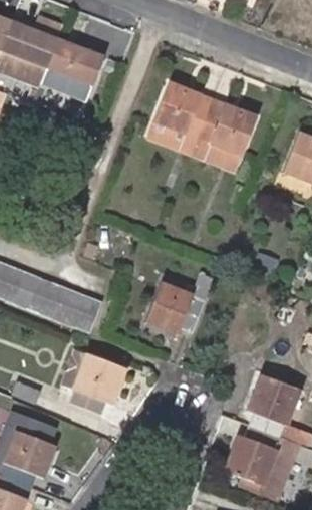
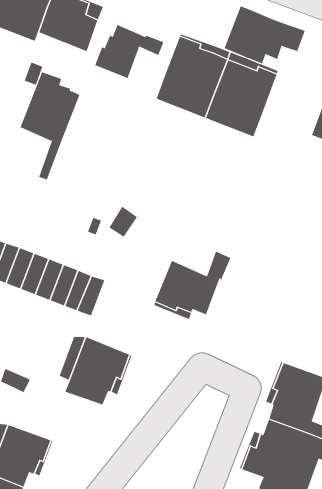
building: none -> [224,5,306,64]
building: none -> [95,24,164,79]
building: none -> [20,72,80,180]

